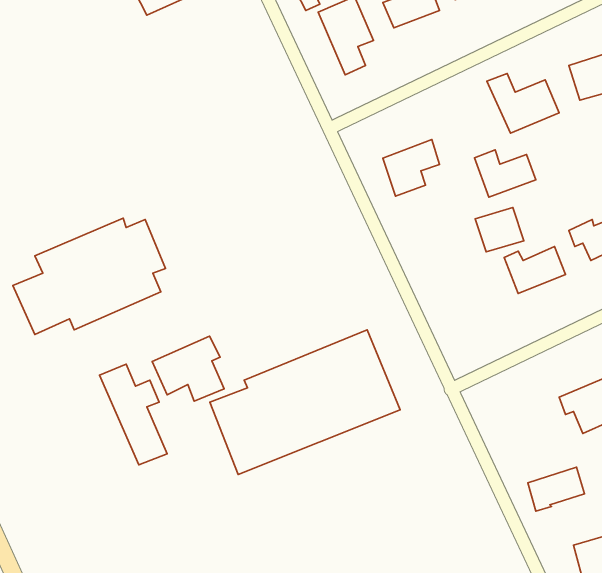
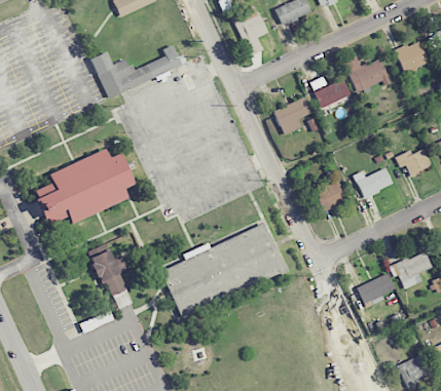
building: none -> [91,44,183,97]
building: [475,150,536,197] -> [310,76,351,107]
building: [475,208,524,252] -> [316,182,347,210]
building: [152,336,224,401] -> none
building: [528,467,585,511] -> [358,275,395,304]

